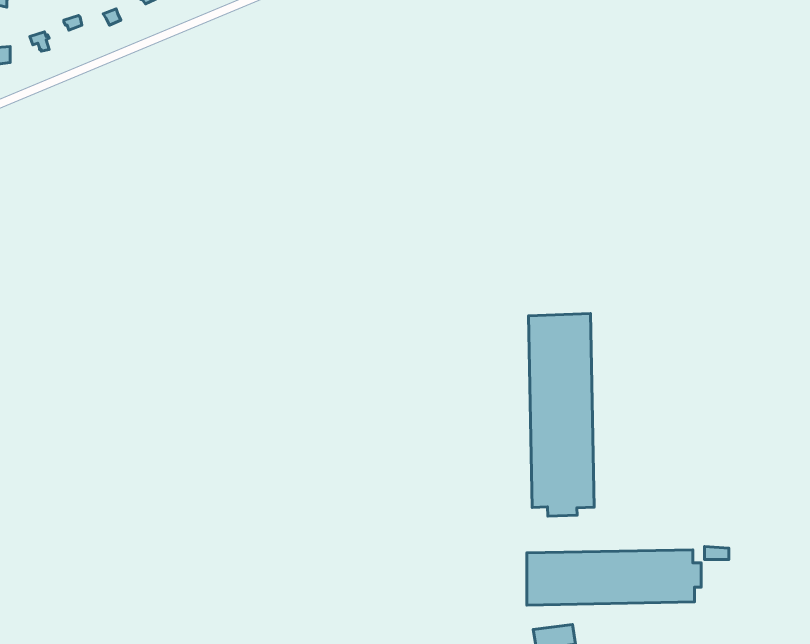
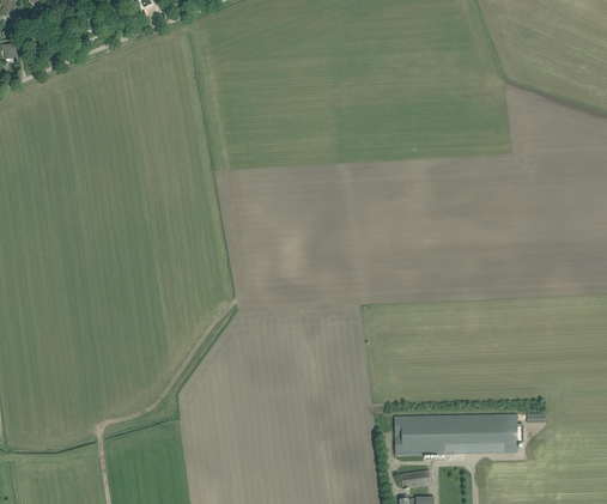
building: [528,314,594,516] -> none

